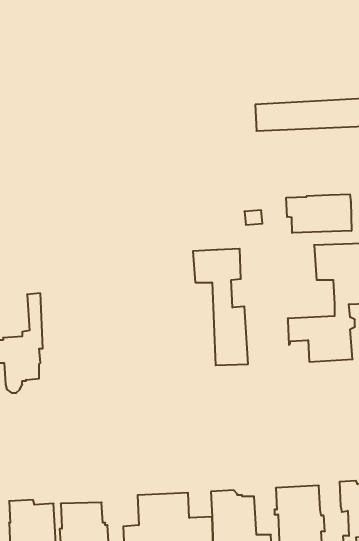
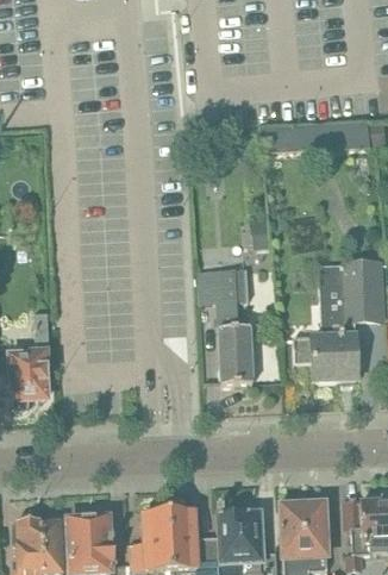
building: [286,194,351,233] -> none

